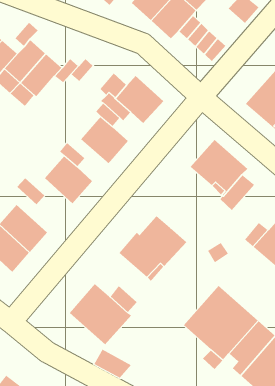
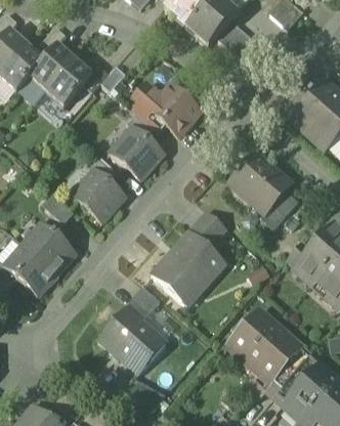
building: none -> [188,210,226,247]
building: none -> [128,285,160,317]

